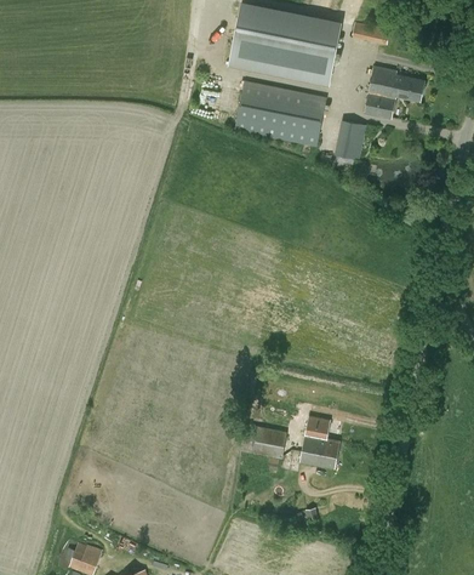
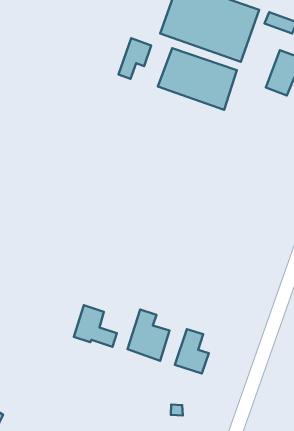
building: none -> [118,38,151,79]
building: [333,119,366,160] -> none
building: none -> [74,305,117,347]

